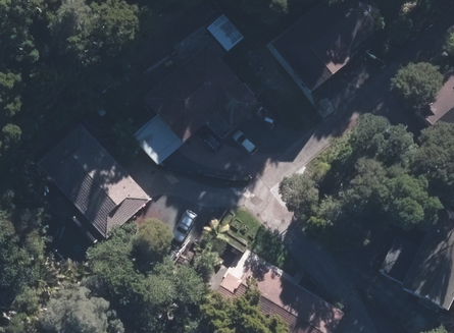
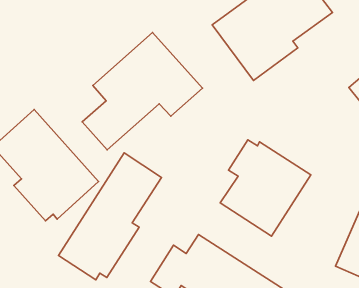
building: none -> [220,140,311,236]
building: none -> [58,153,162,280]

